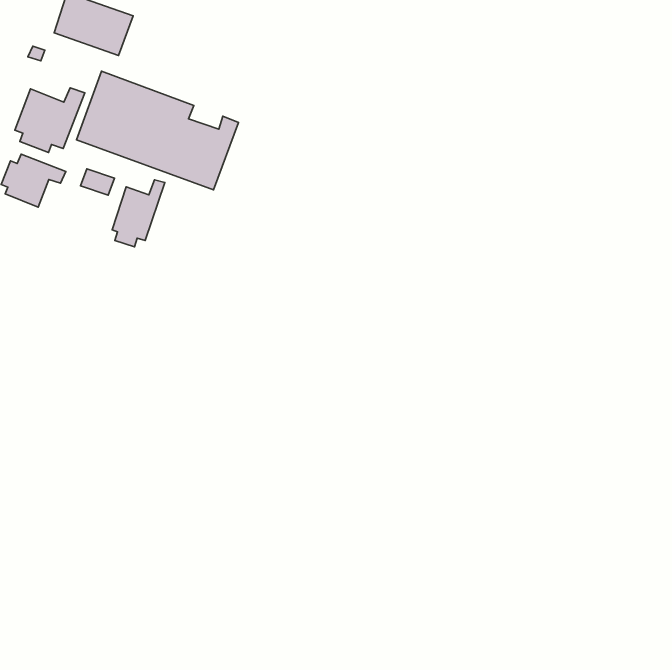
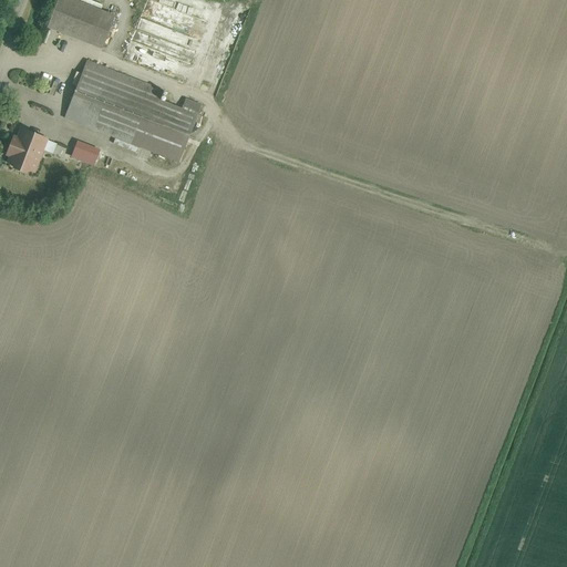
building: [15,88,85,153] -> none
building: [112,180,165,247] -> none

